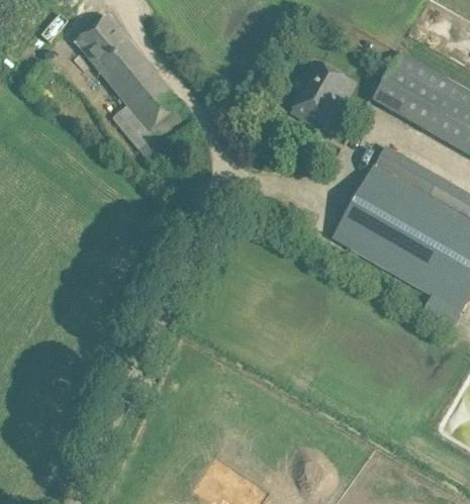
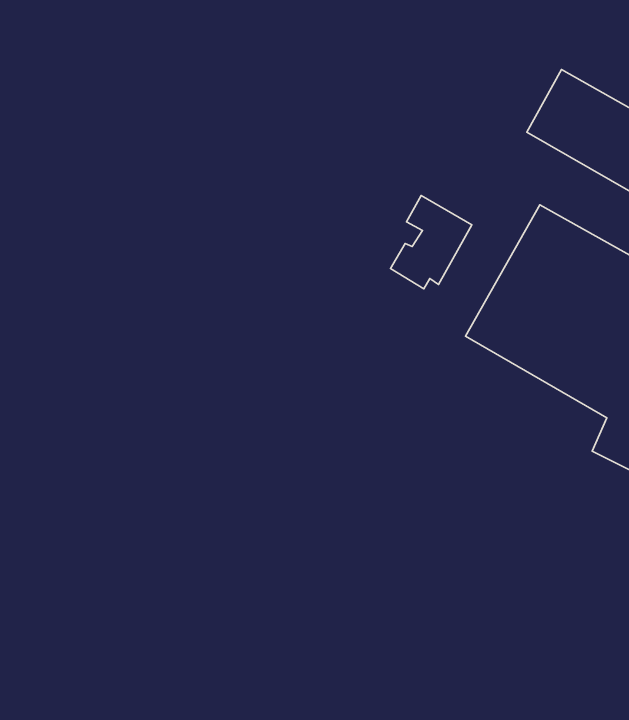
building: [75,15,192,163] -> none
building: [292,61,349,125] -> [390,196,472,289]

